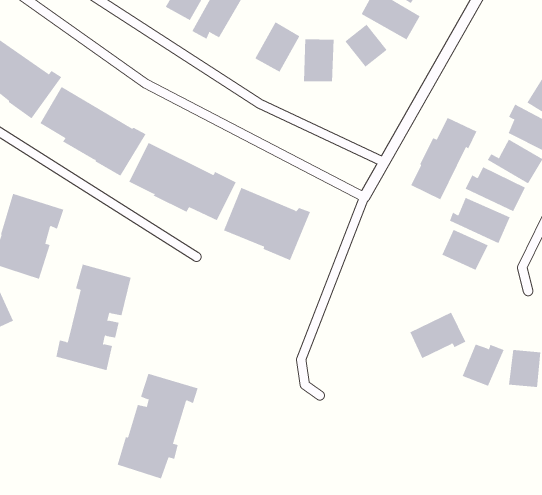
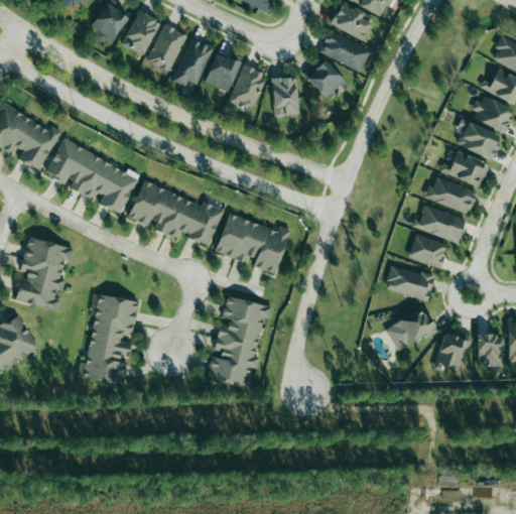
building: none -> [205,53,240,92]
building: [410,117,477,200] -> none
building: none -> [385,264,434,300]
building: [117,373,198,479] -> [207,296,272,388]

